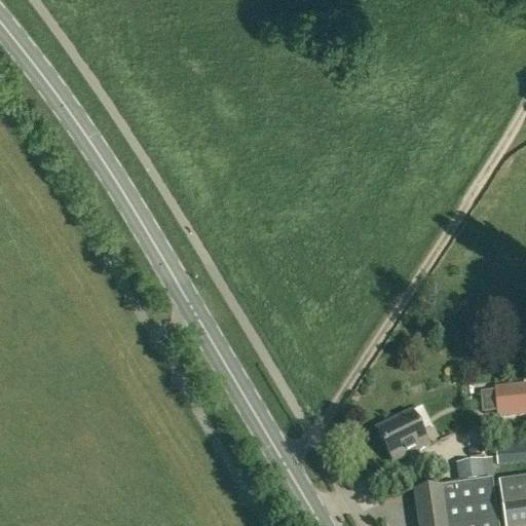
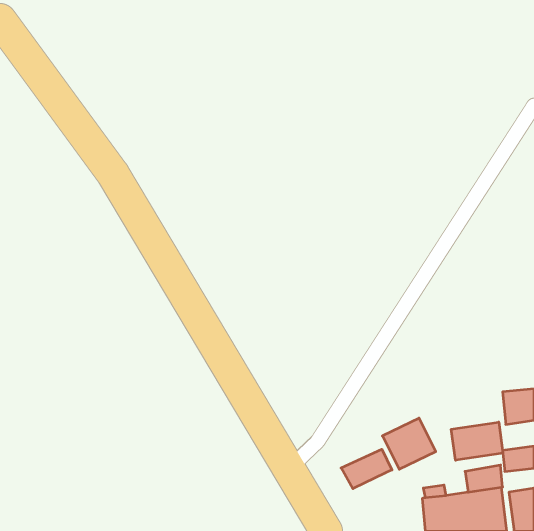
building: none -> [451,422,503,460]
building: none -> [341,449,392,489]

